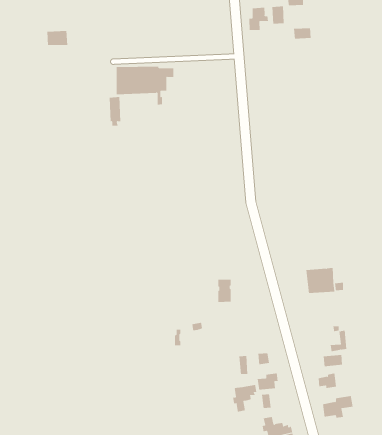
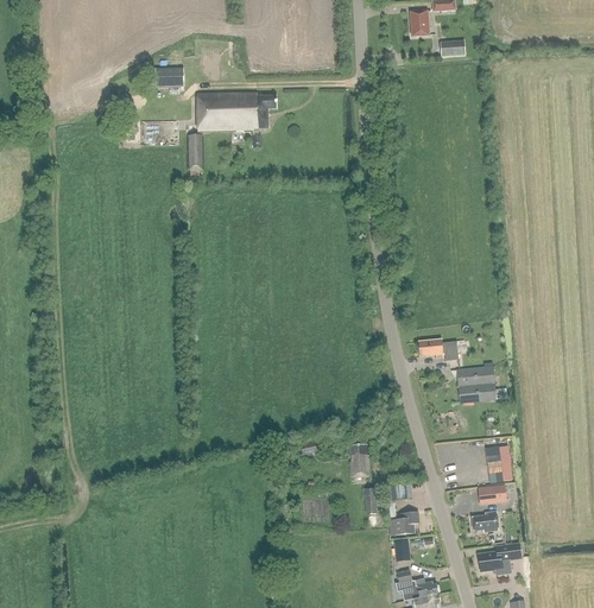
building: [249,7,268,31] -> none
building: [46,31,68,45] -> [154,66,184,87]
building: none -> [418,340,457,361]
building: [218,279,231,303] -> [348,445,367,477]
building: [232,384,257,413] -> none

